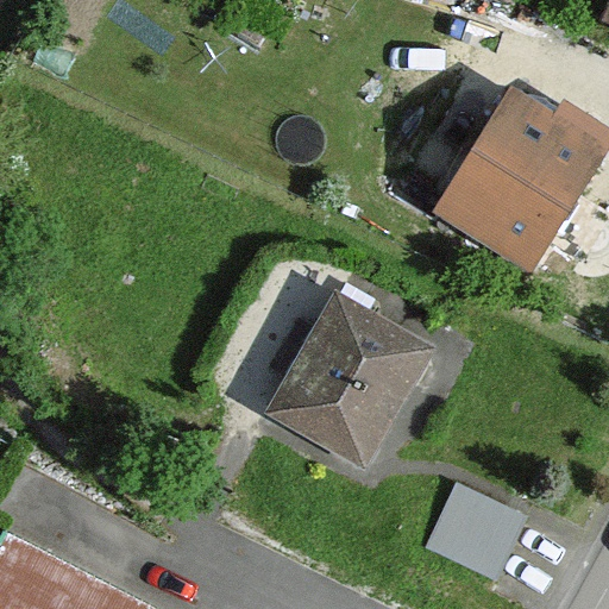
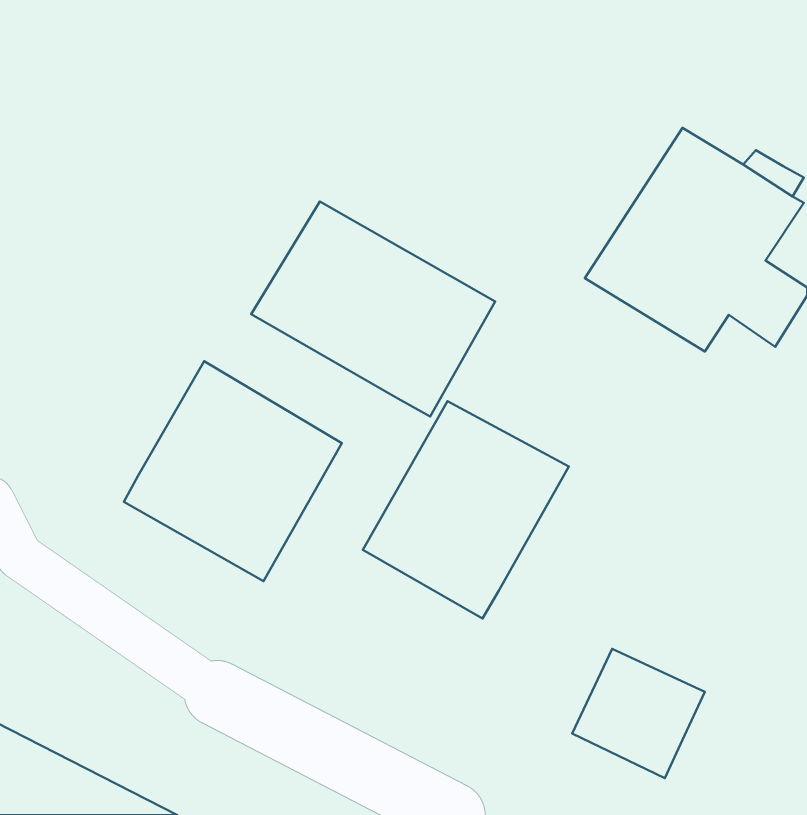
building: none -> [251,202,495,416]
building: none -> [124,361,342,581]

